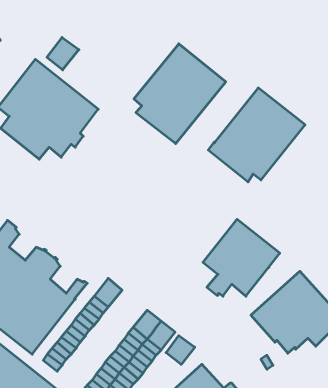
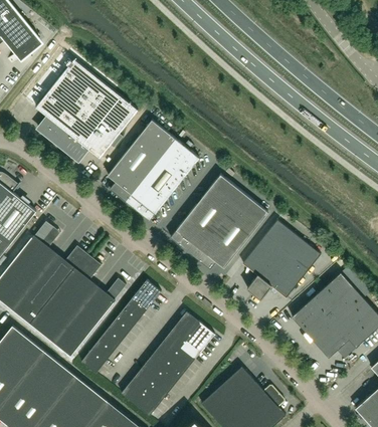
building: [47,37,79,70] -> none
building: [134,44,226,144] -> [107,121,199,221]
building: [208,88,305,182] -> [170,176,267,270]
building: [166,336,195,364] -> none

